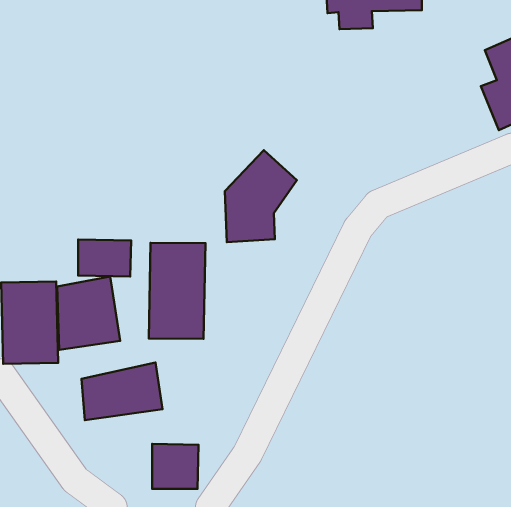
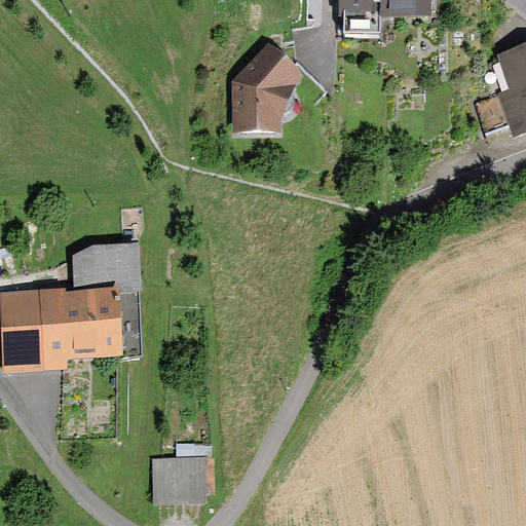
building: [225,150,297,242] -> [230,41,304,136]
building: [149,243,205,339] -> none
building: [81,362,162,420] -> none

